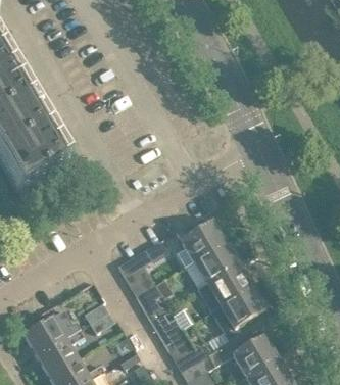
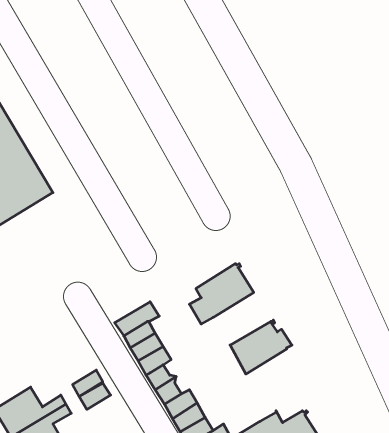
building: [195,243,243,284] -> none
building: [212,287,266,343] -> none

